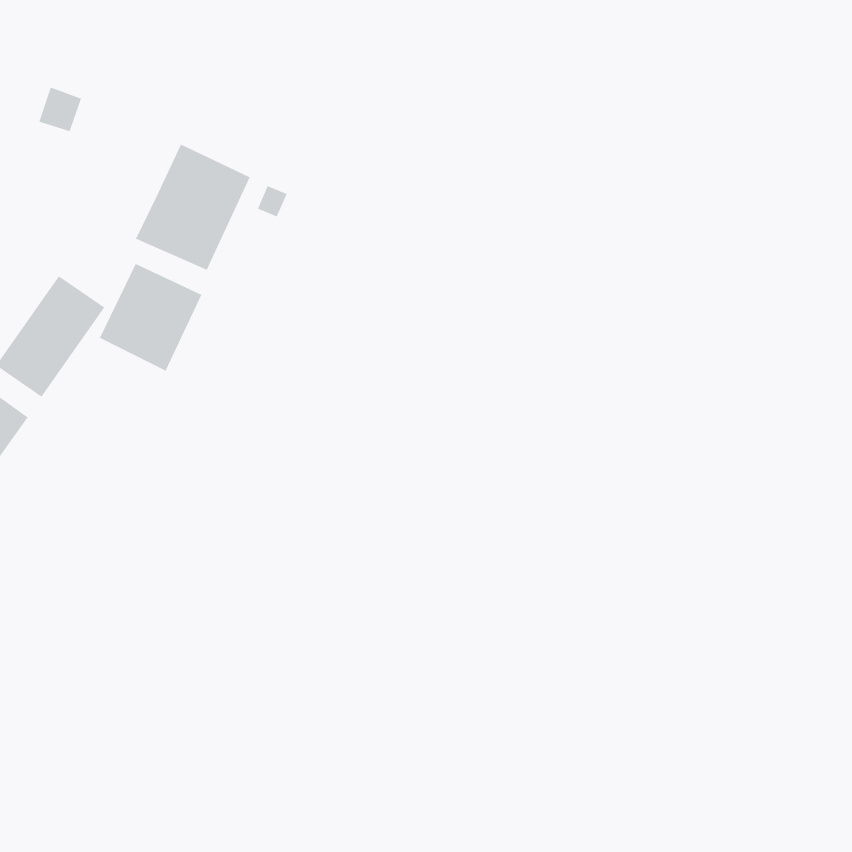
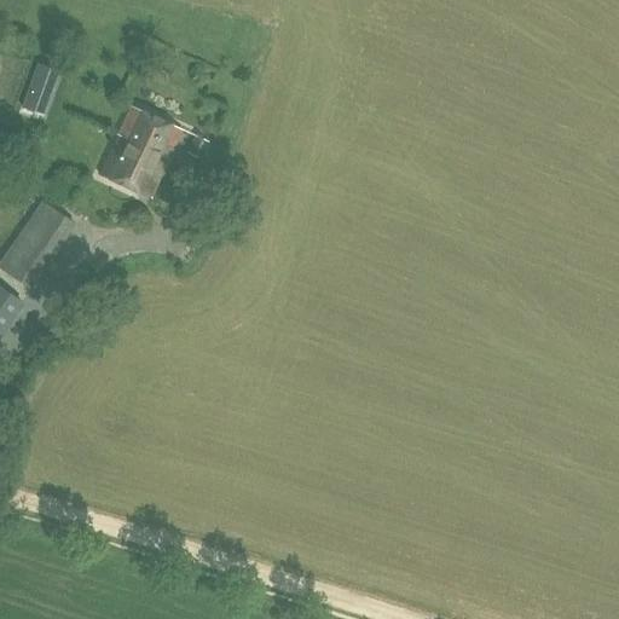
building: [99,263,202,372] -> none

